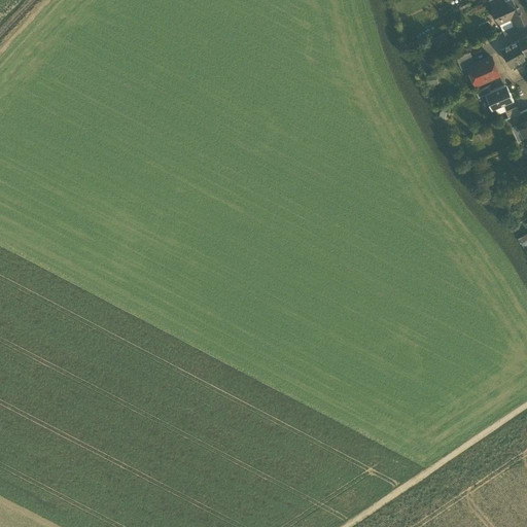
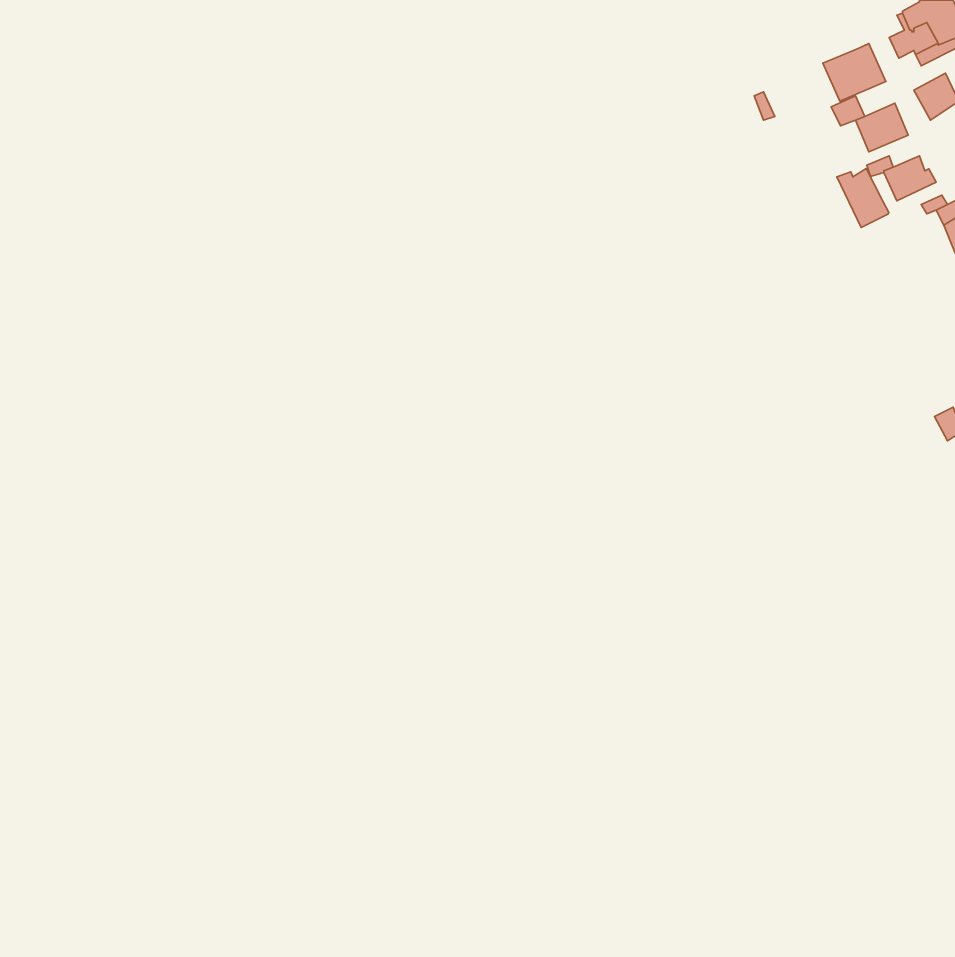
building: none -> [823,43,886,101]
building: none -> [837,169,889,227]

